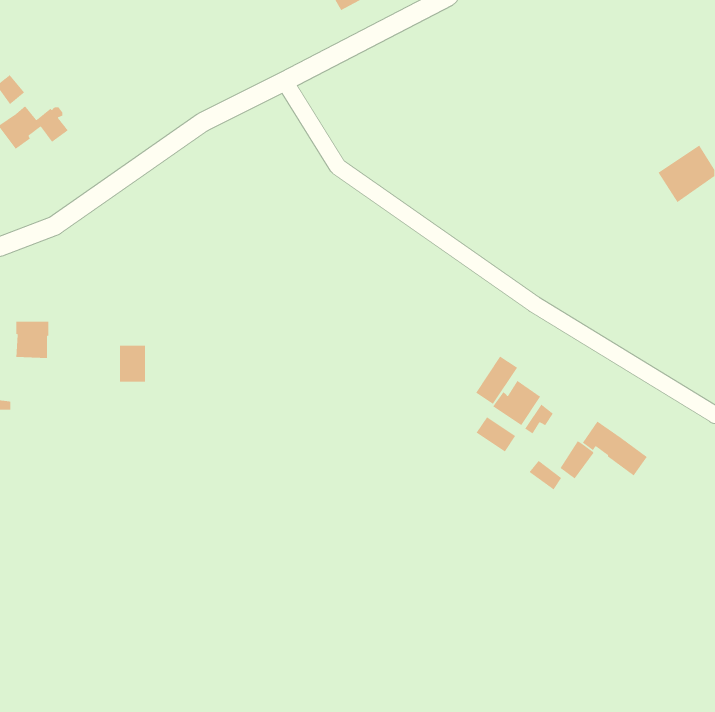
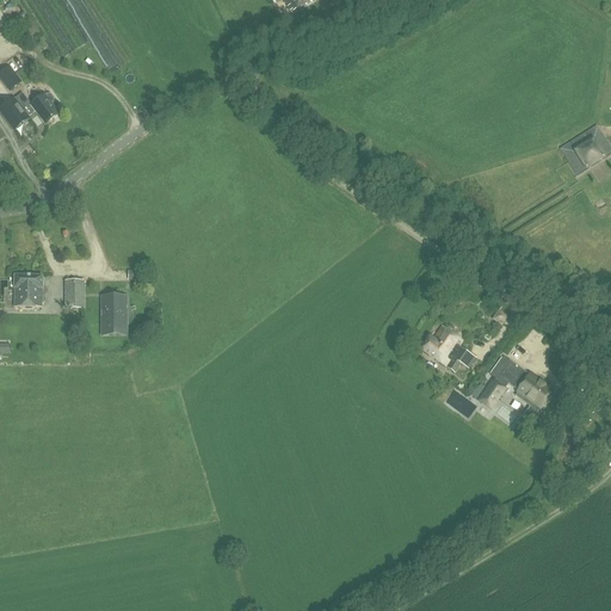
building: none -> [64,278,84,306]
building: [475,355,518,405] -> none
building: [476,416,516,452] -> none

